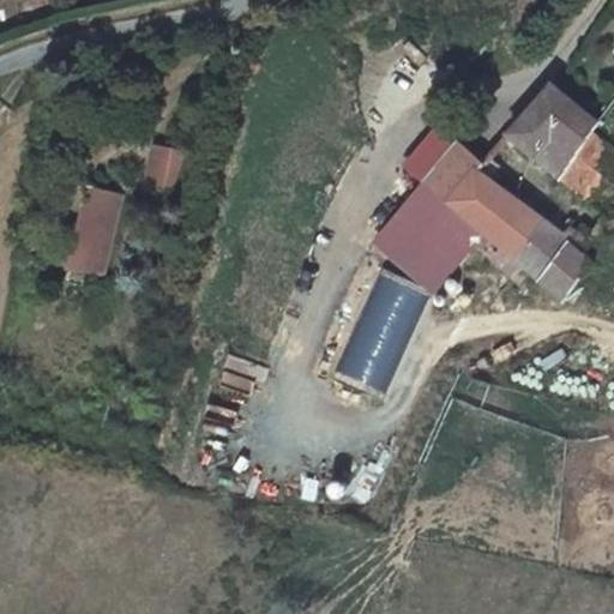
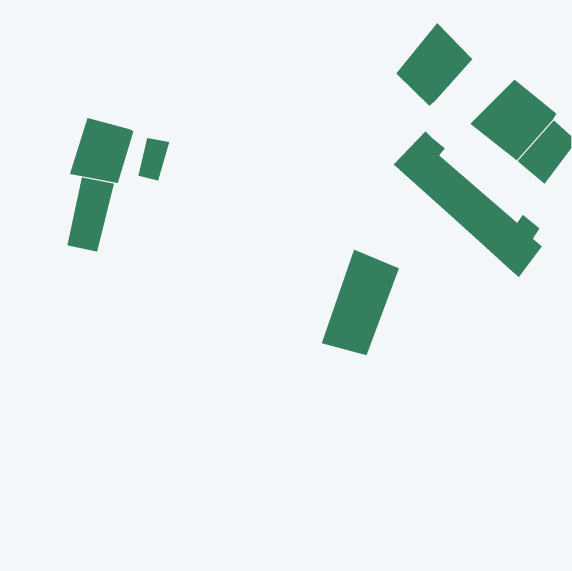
building: none -> [396,22,473,107]
building: none -> [69,117,134,184]
building: [369,175,480,290] -> none

